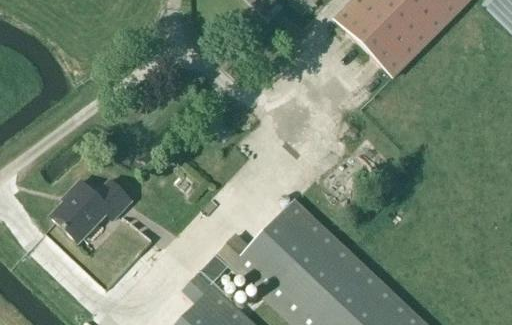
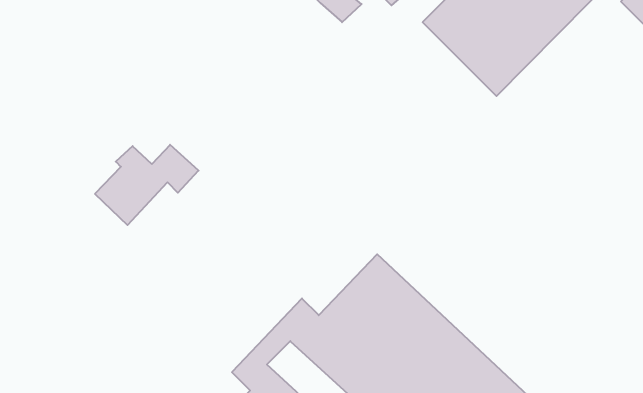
building: [54,181,134,243] -> [95,145,199,225]

